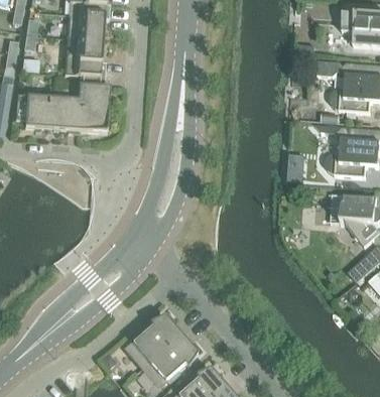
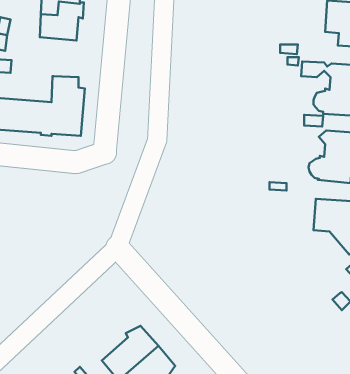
building: [64,37,105,76] -> none

